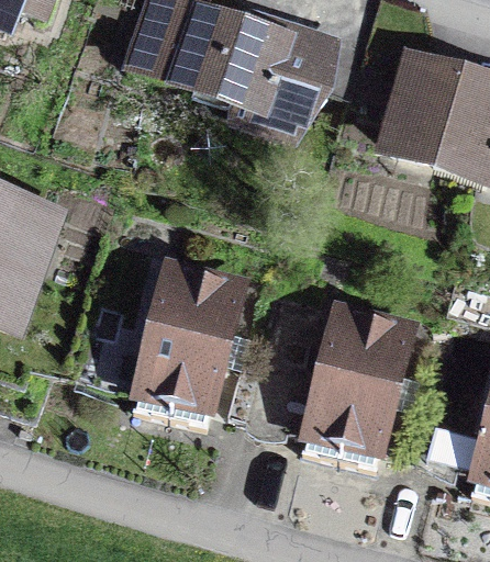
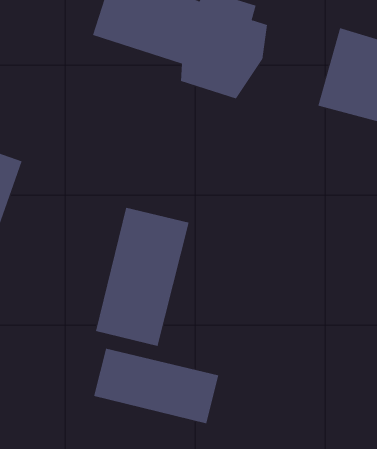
building: [302,302,411,463] -> none
building: none -> [94,348,219,424]

